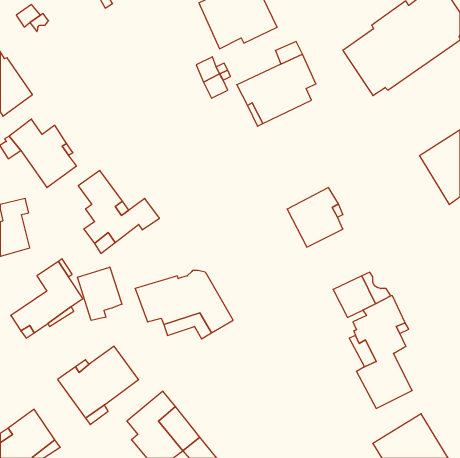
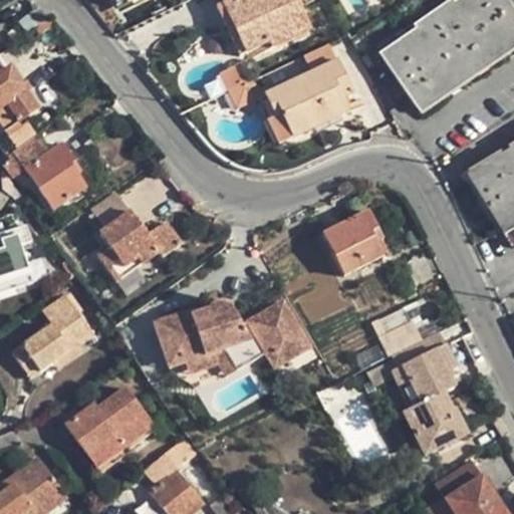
building: [78,267,122,320] -> none
building: none -> [246,300,310,361]

